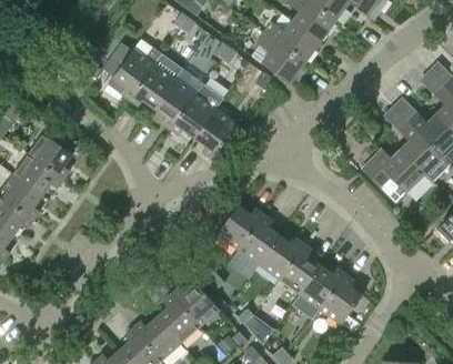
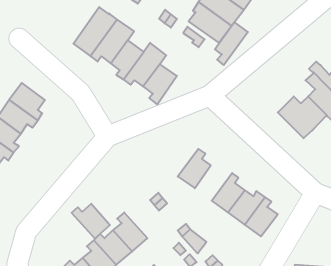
building: none -> [215,22,248,65]
building: [217,205,263,250] -> none
building: [259,235,305,280] -> none
building: [171,283,219,326] -> [72,204,110,239]

